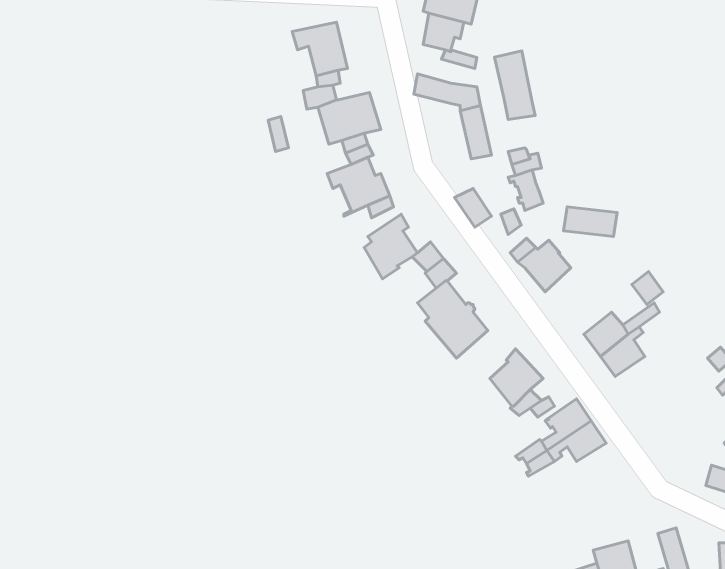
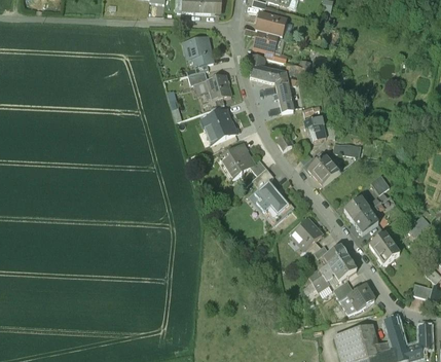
building: [494,51,535,119] -> none
building: none -> [370,232,400,263]
building: none -> [340,283,374,312]

